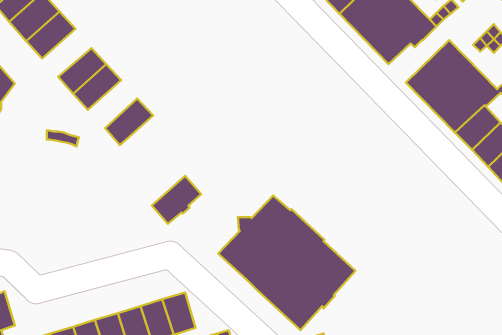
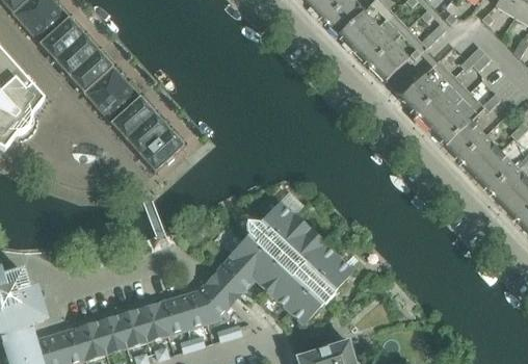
building: none -> [69,50,113,94]
building: none -> [110,97,155,140]
building: [152,176,201,224] -> [139,129,184,173]
building: none -> [215,256,255,294]
building: none -> [199,283,230,322]

